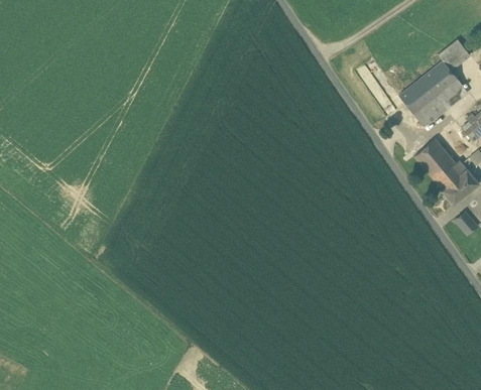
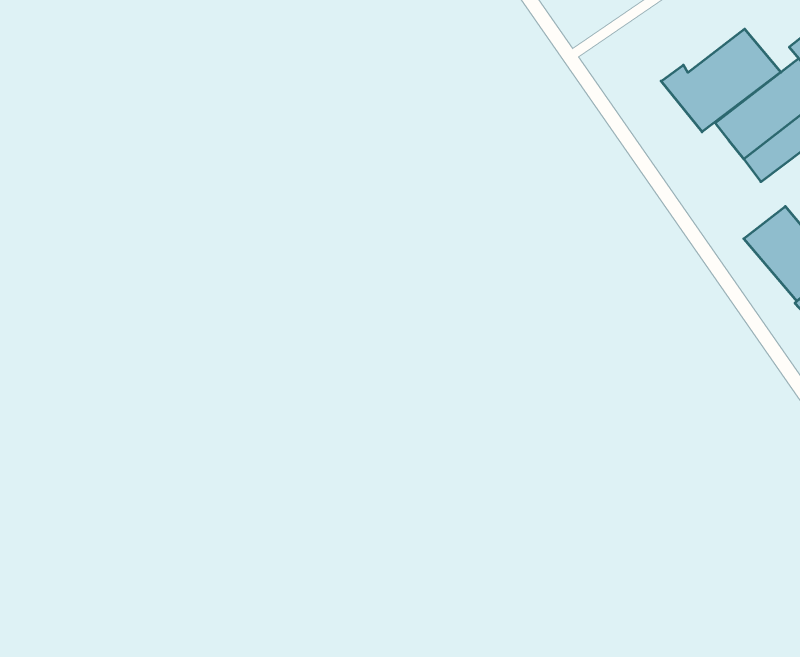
building: none -> [661,29,781,132]

